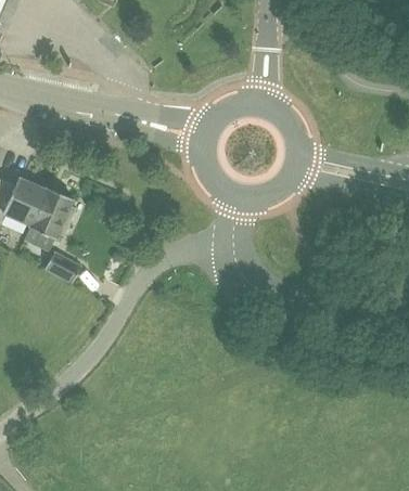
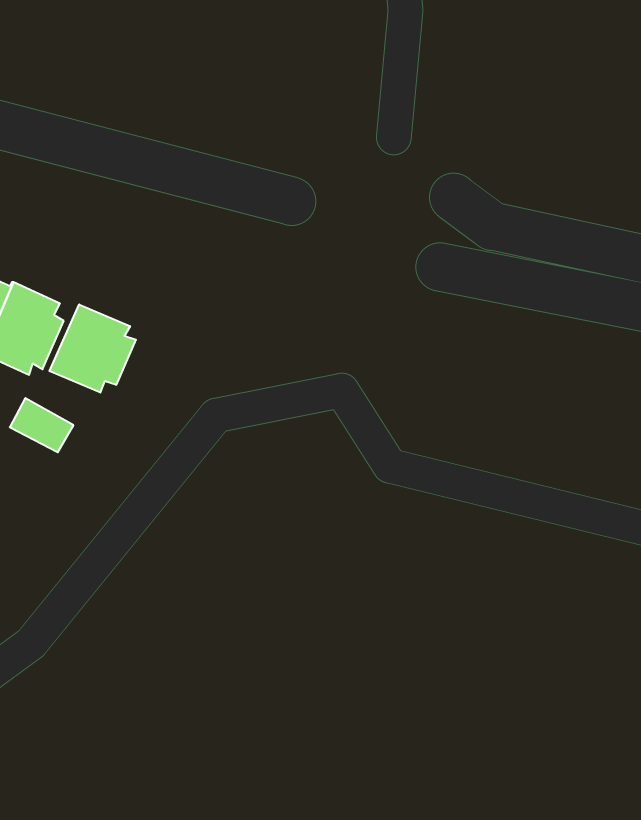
building: none -> [49,304,136,393]

